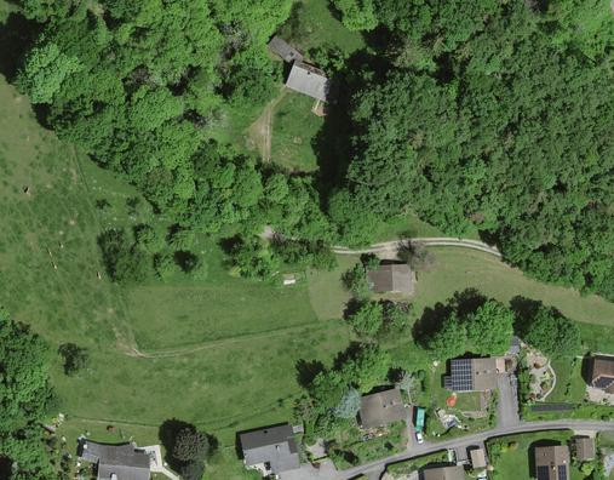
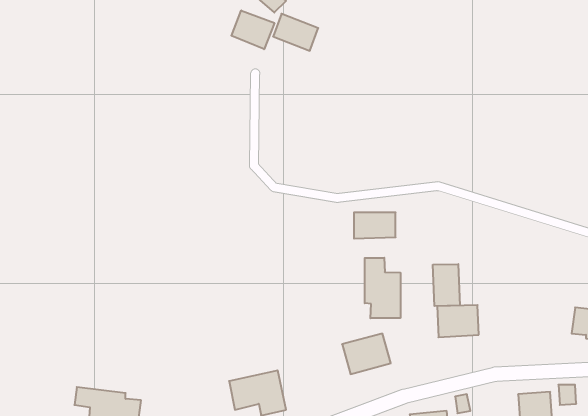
building: none -> [231,10,274,49]
building: none -> [365,258,400,318]
building: none -> [433,264,460,306]

